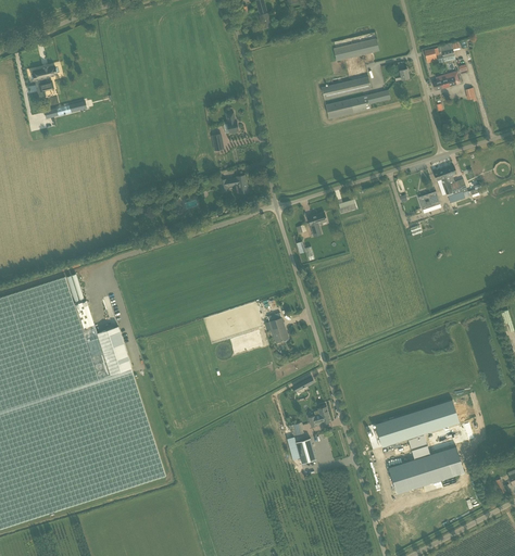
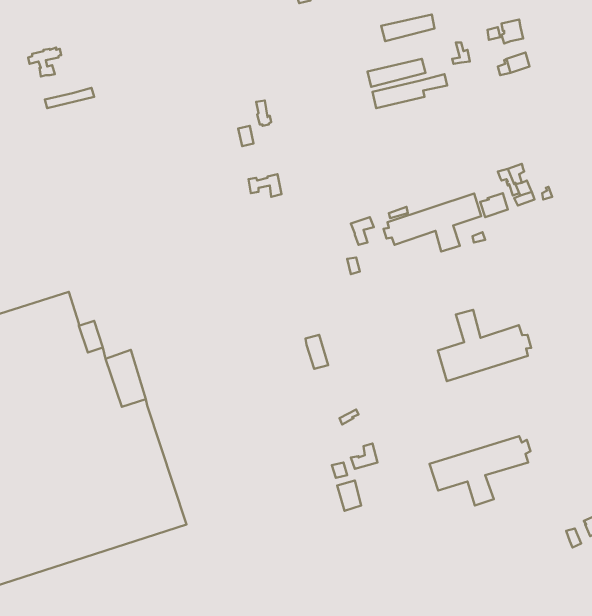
building: none -> [383,193,481,252]
building: none -> [438,310,531,381]
building: [387,447,459,494] -> none

